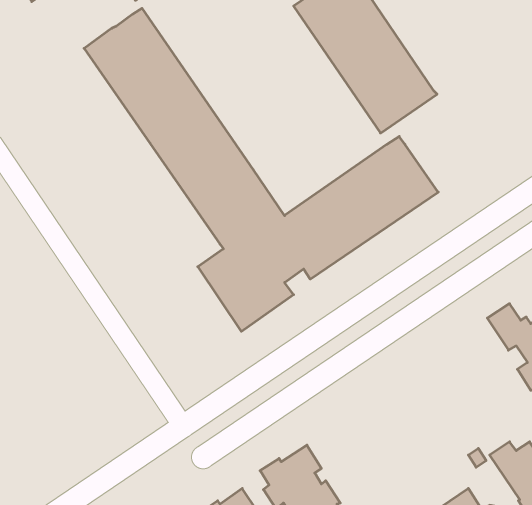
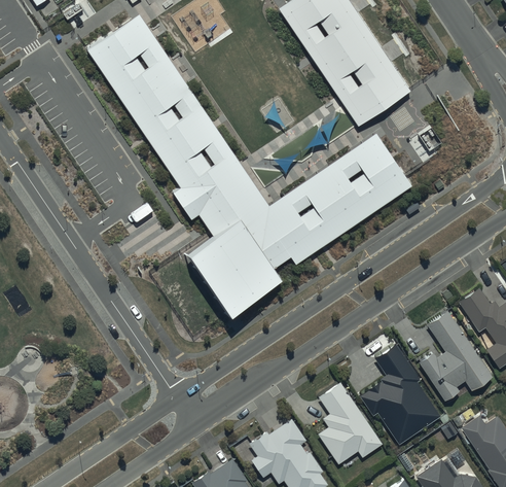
building: none -> [419,309,492,399]
building: none -> [361,343,441,444]
building: none -> [318,381,382,463]

